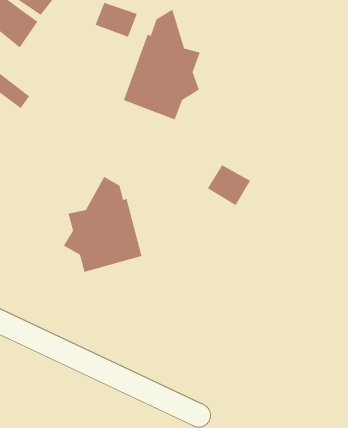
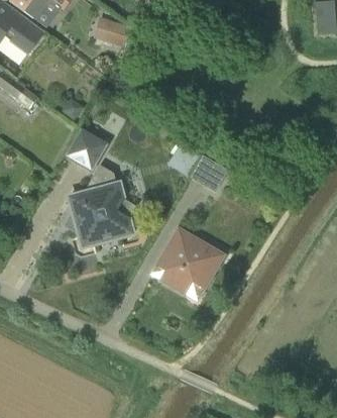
building: [123,8,201,121] -> none
building: none -> [63,126,107,171]
building: none -> [156,229,224,294]

